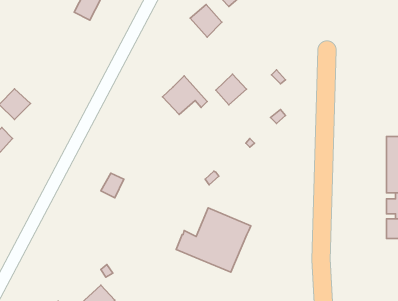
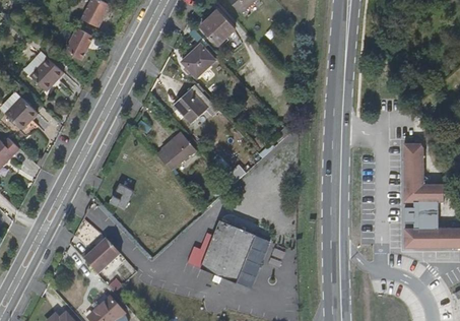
building: none -> [66,26,93,59]
building: none -> [30,57,63,89]
building: [216,74,247,105] -> [183,45,214,76]
building: none -> [160,136,195,171]
building: none -> [82,238,121,273]

